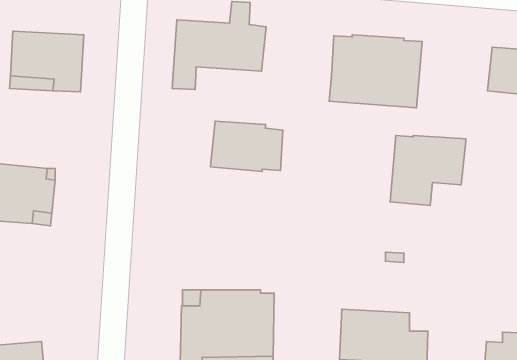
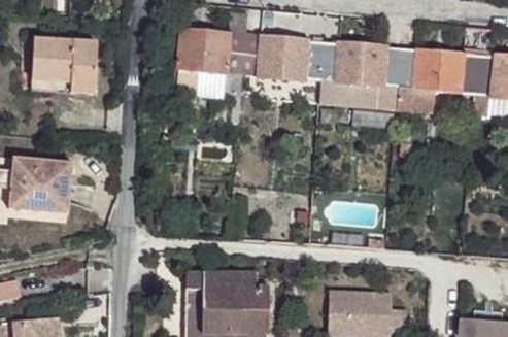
building: [211,121,283,172] -> [258,34,323,79]
building: [390,136,466,205] -> [397,47,465,110]

